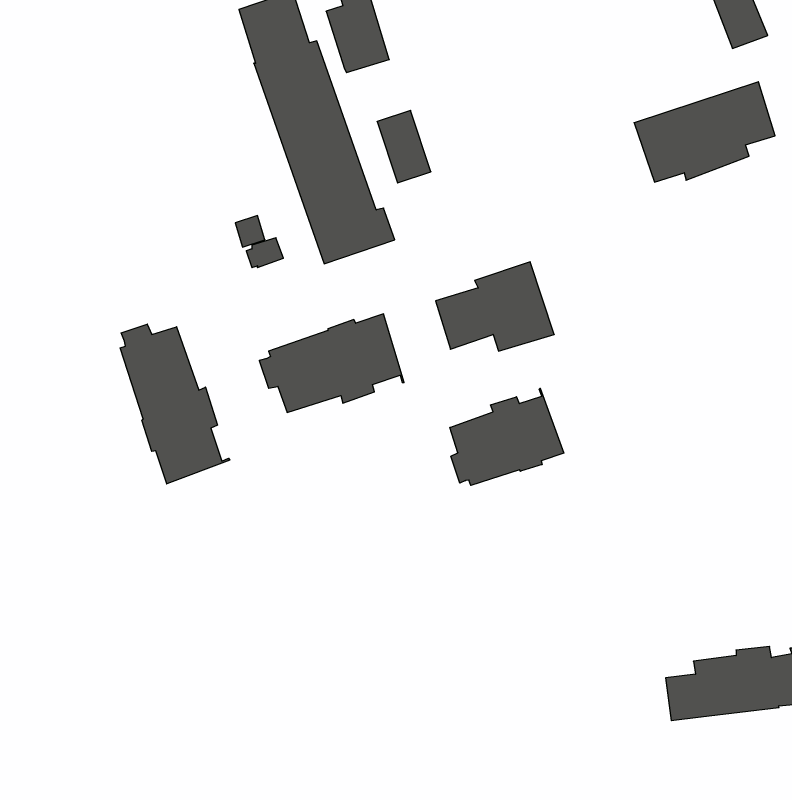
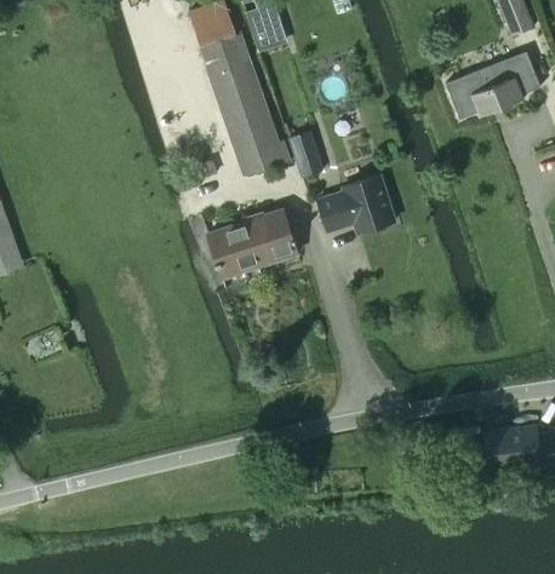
building: [377,110,431,183] -> [287,130,322,177]
building: [120,324,230,484] -> none
building: [450,388,564,485] -> none

